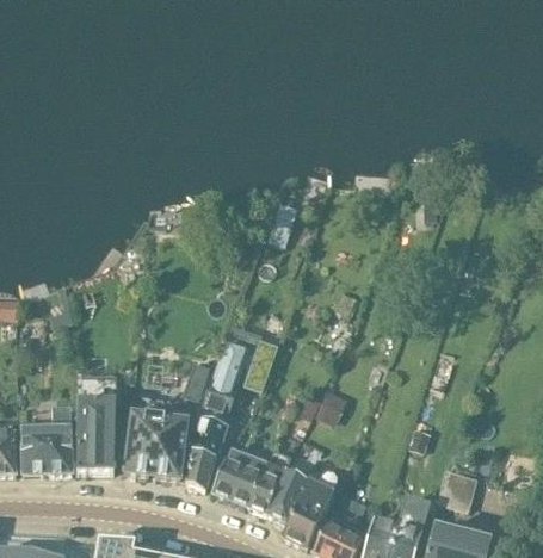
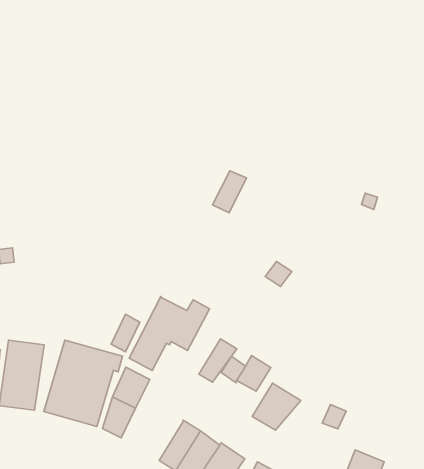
building: none -> [199,339,237,382]
building: none -> [252,383,301,430]
building: [211,446,266,506] -> none

